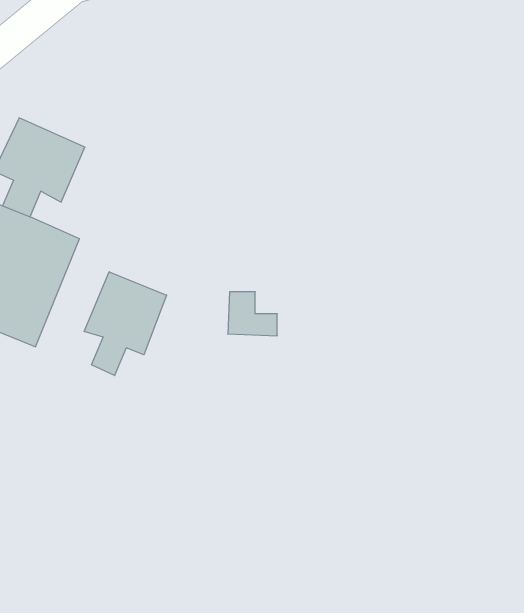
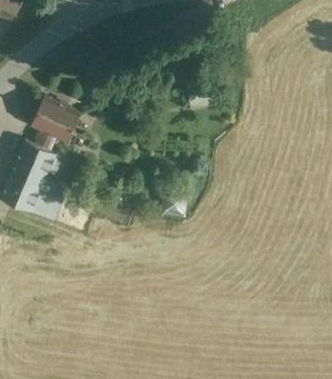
building: [84,272,167,376] -> none

